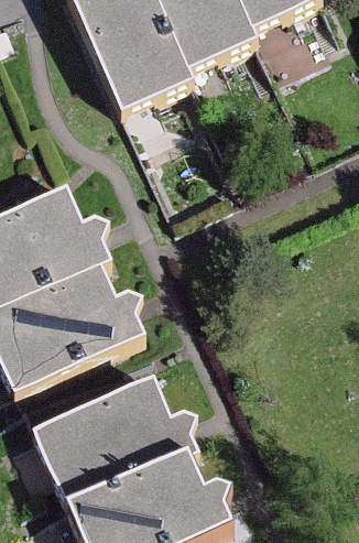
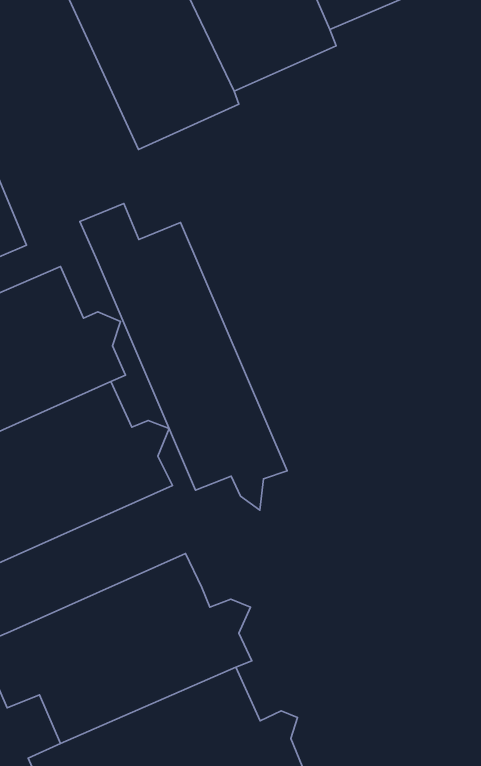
building: none -> [80,203,287,510]

